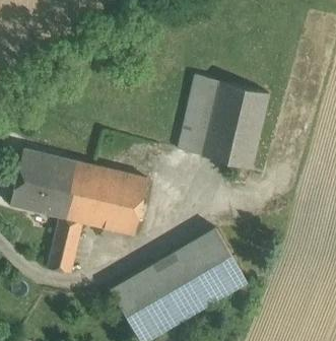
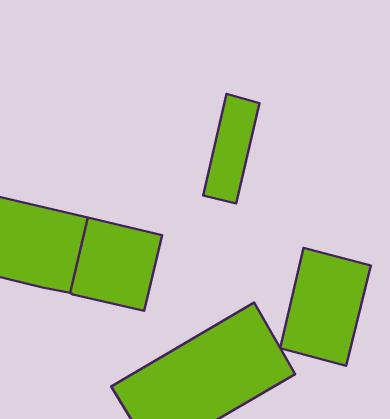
building: [202,81,269,168] -> [280,248,371,366]
building: [47,217,81,273] -> none

